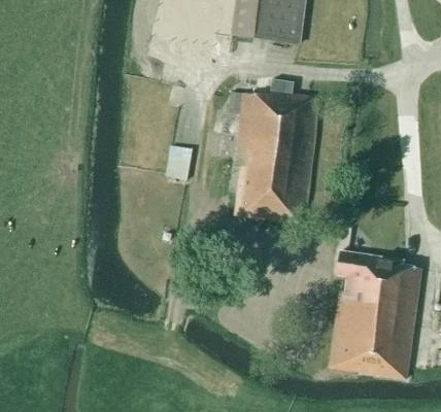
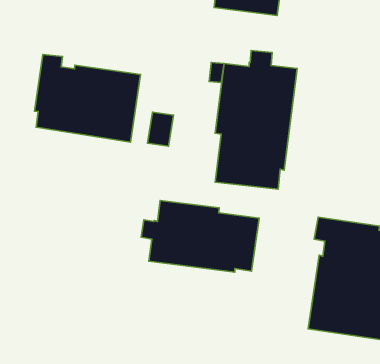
building: none -> [34,54,140,142]
building: none -> [141,200,259,272]

